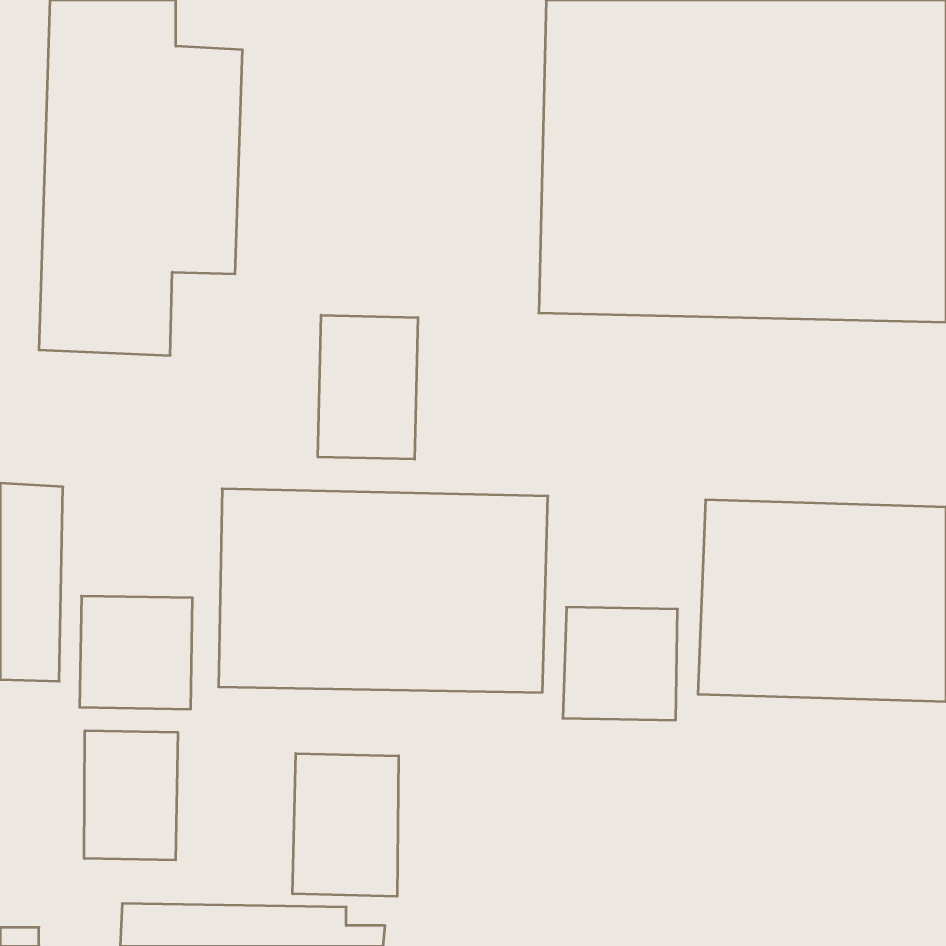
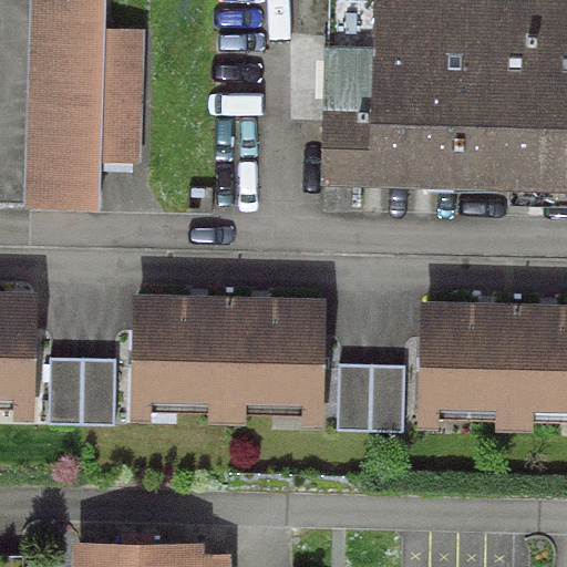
building: [318,315,418,459] -> none
building: [84,731,178,860] -> none
building: [293,753,399,896] -> none

